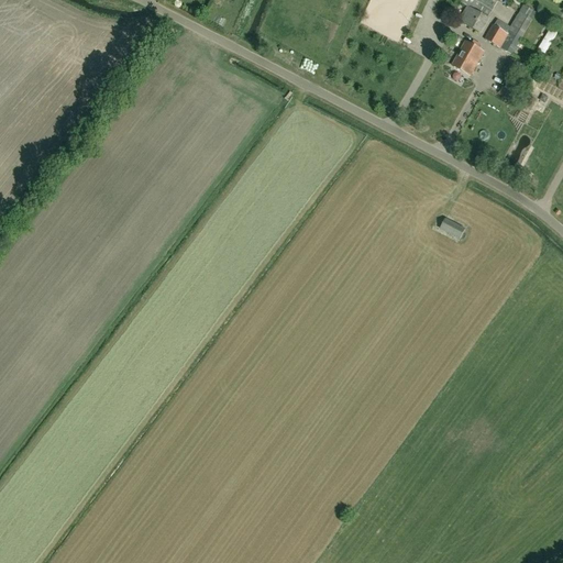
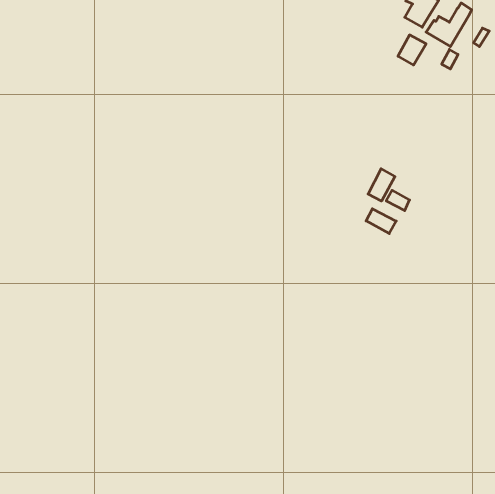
building: none -> [368,169,395,201]
building: none -> [366,209,396,234]

